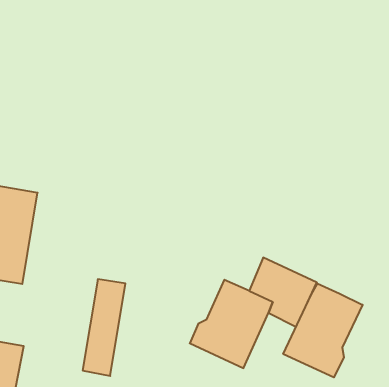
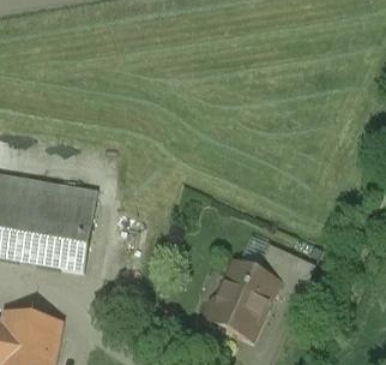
building: [83,279,125,376] -> [60,186,97,270]
building: [283,284,363,377] -> none

